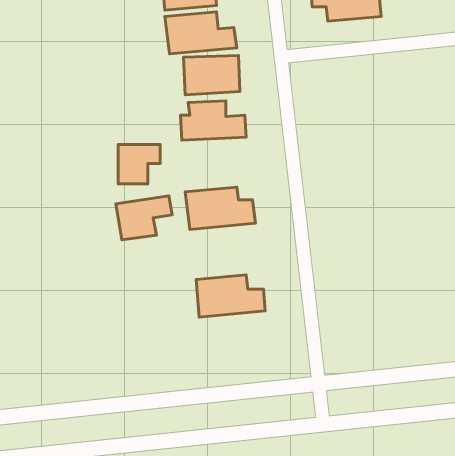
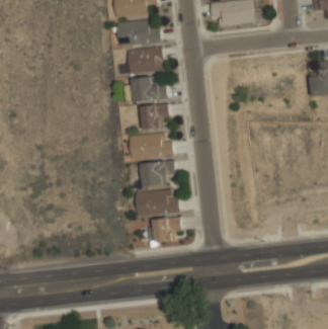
building: [118,145,160,184] -> [141,103,168,129]
building: [116,196,172,240] -> [139,158,175,186]
building: none -> [152,217,180,242]

